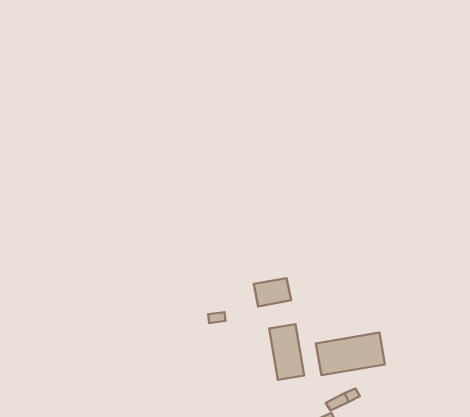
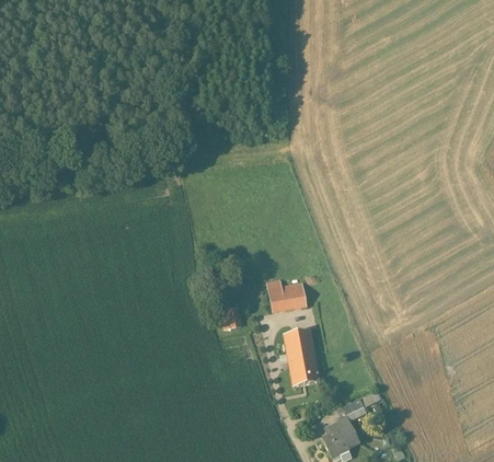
building: [316,333,385,375] -> none

